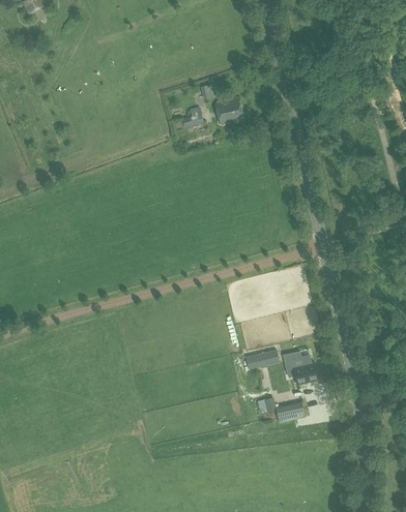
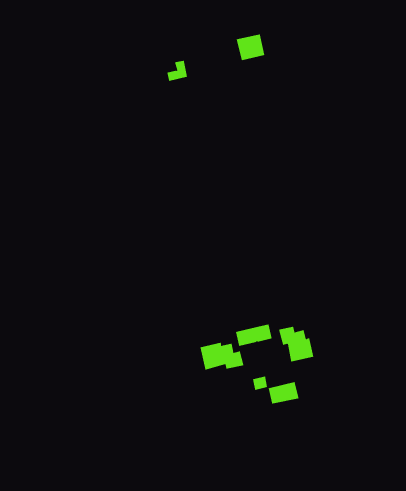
building: [215,98,242,123] -> [236,34,265,61]
building: none -> [200,342,244,370]

